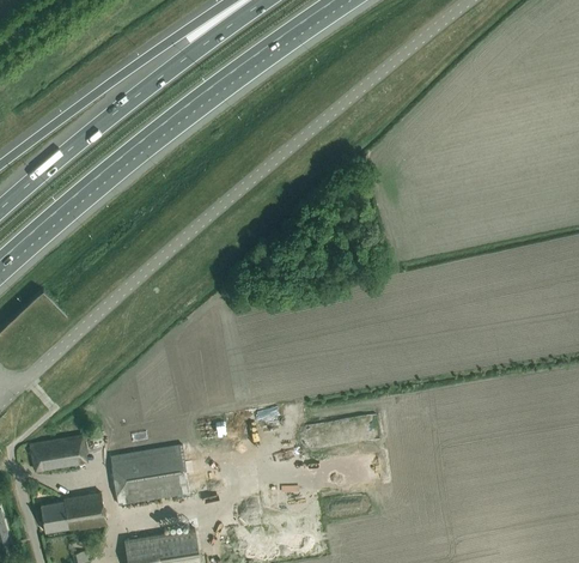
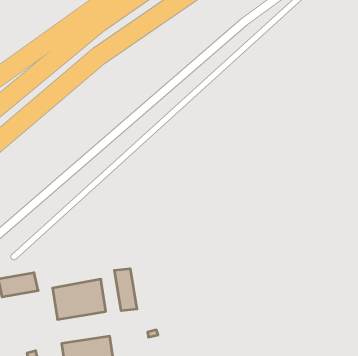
building: none -> [114,269,137,311]
building: [41,494,105,532] -> none

